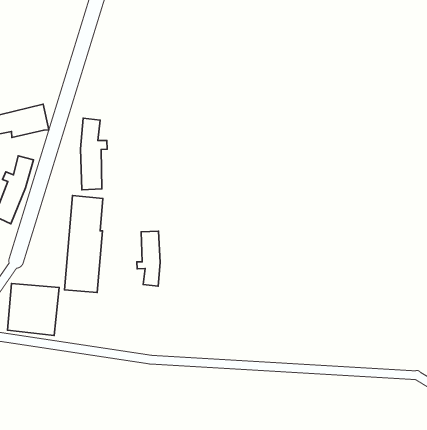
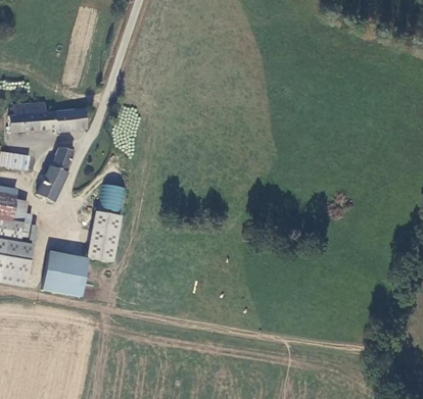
building: [81,118,107,190] -> none
building: [137,231,160,286] -> none

